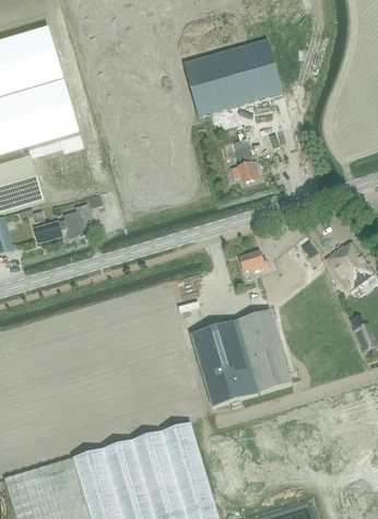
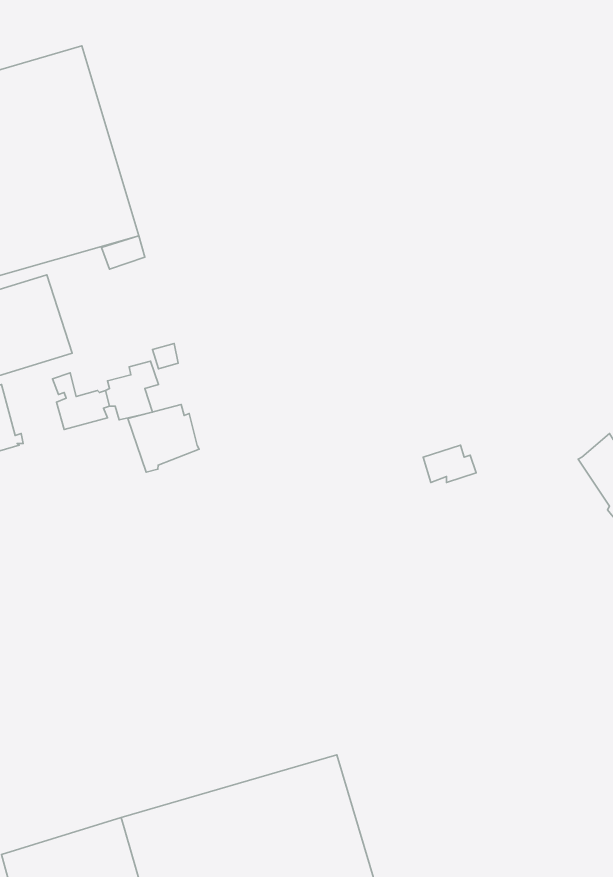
building: [182,39,283,116] -> none
building: [235,146,259,182] -> none
building: none -> [128,404,199,472]
building: [190,309,292,406] -> none

